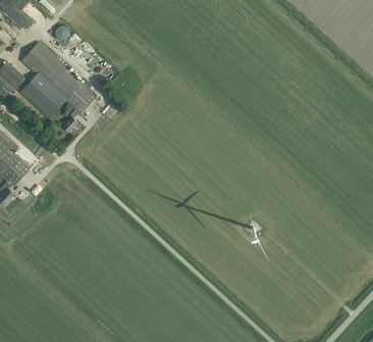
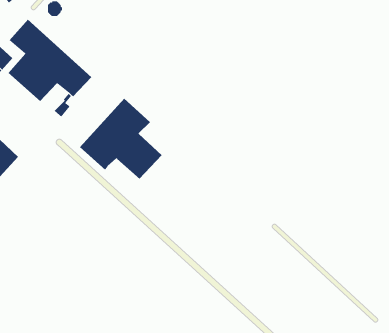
building: none -> [79,98,163,180]

